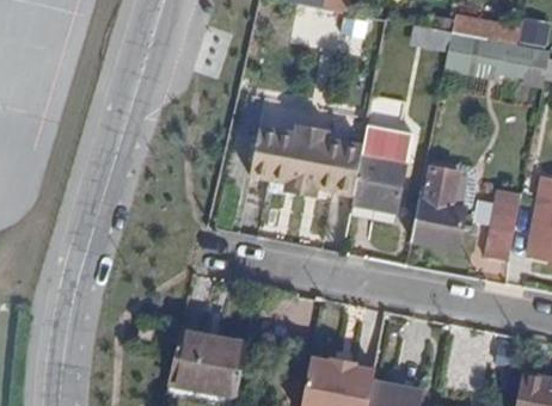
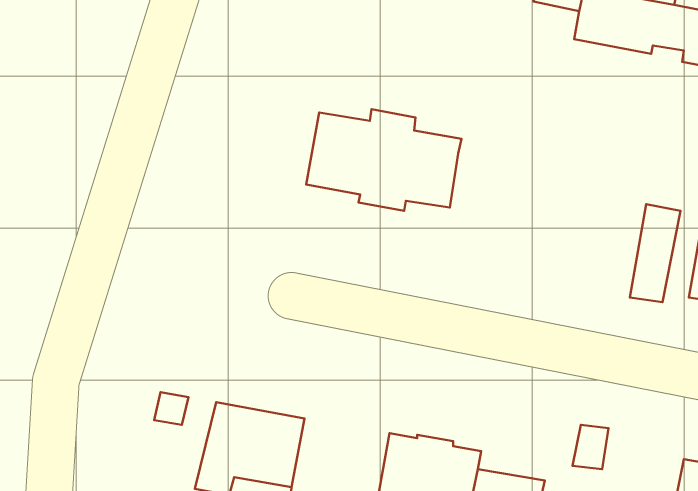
building: [352,122,411,223] -> none
building: [412,147,482,246] -> none

